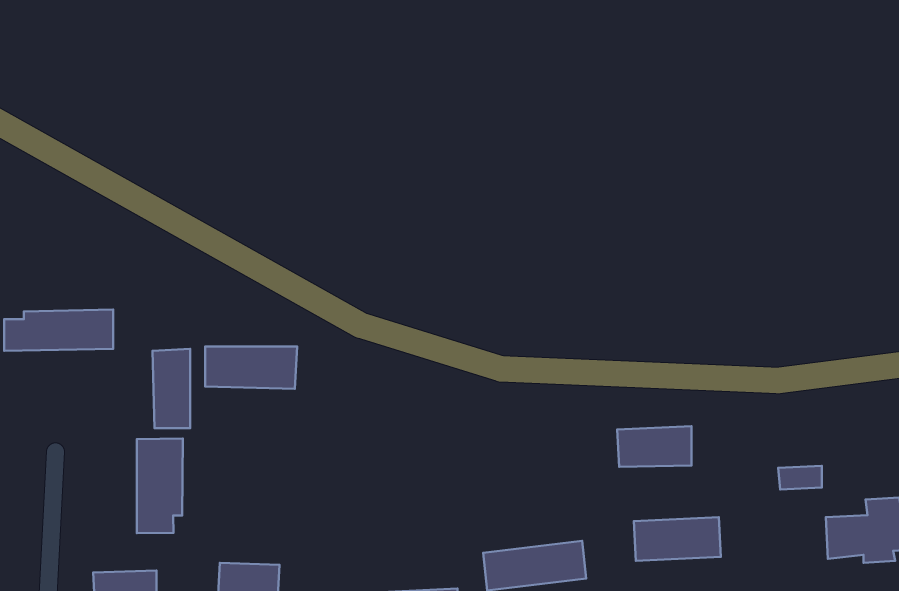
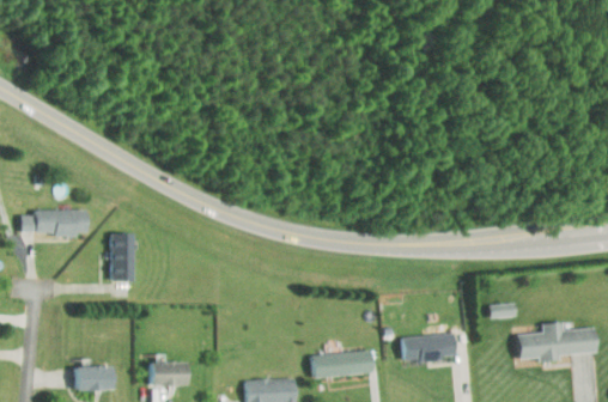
building: [205,347,297,389] -> none
building: [617,426,692,467] -> none
building: [137,439,183,533] -> none

